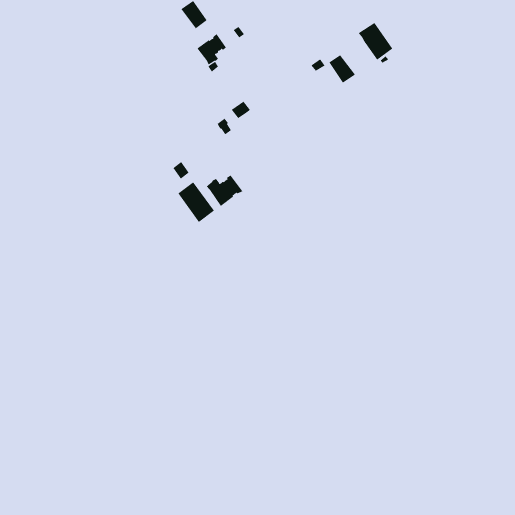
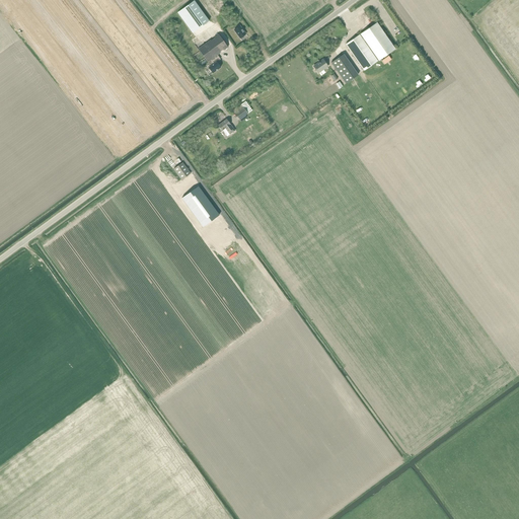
building: none -> [346,34,378,71]
building: [206,174,243,207] -> none

